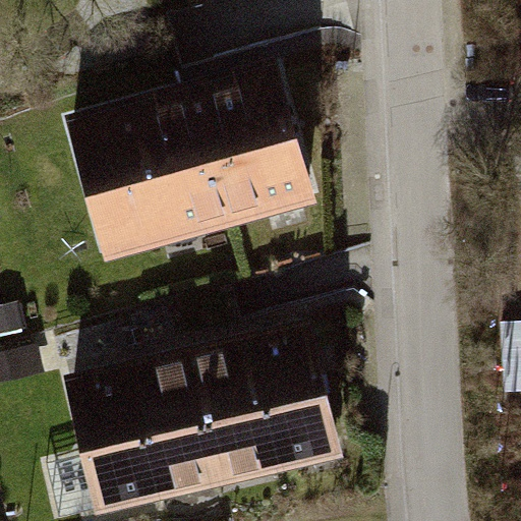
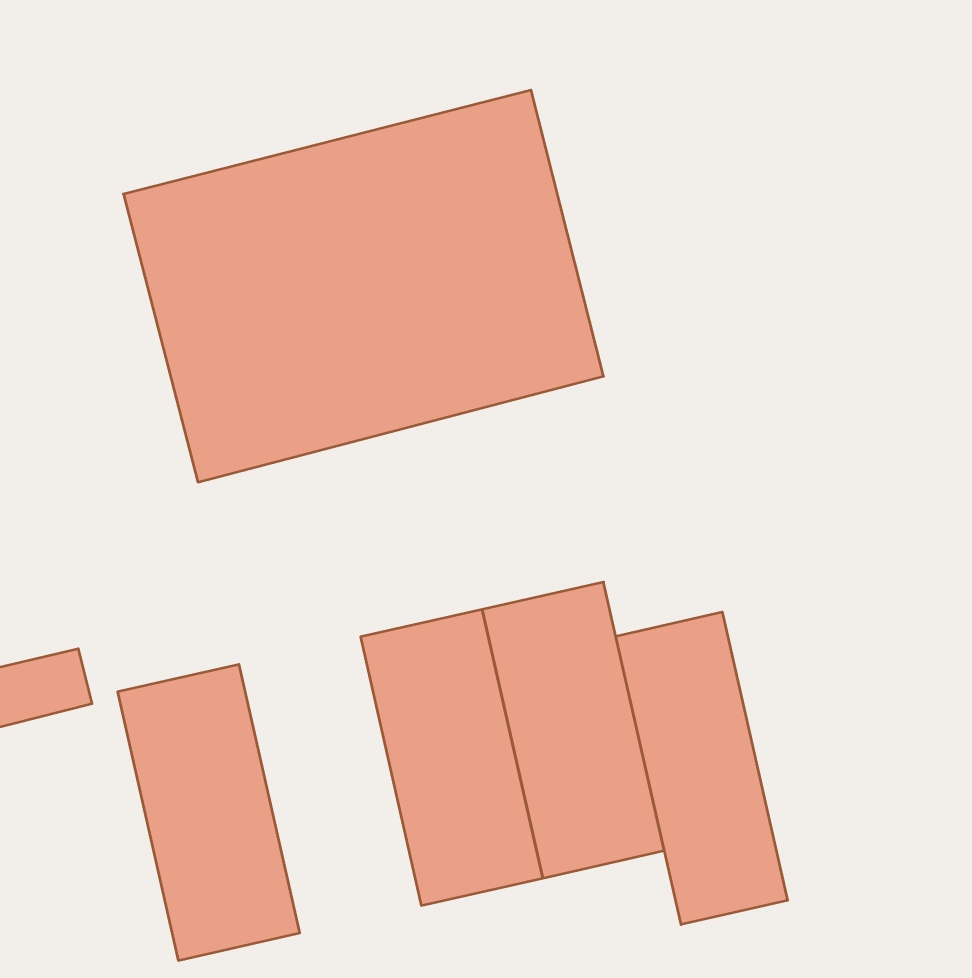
building: none -> [616,612,788,925]
building: [124,343,219,497] -> none

